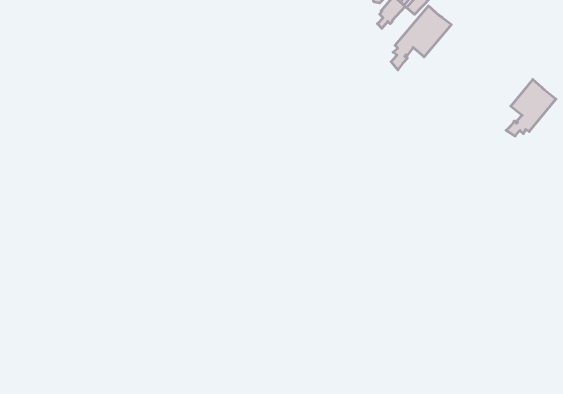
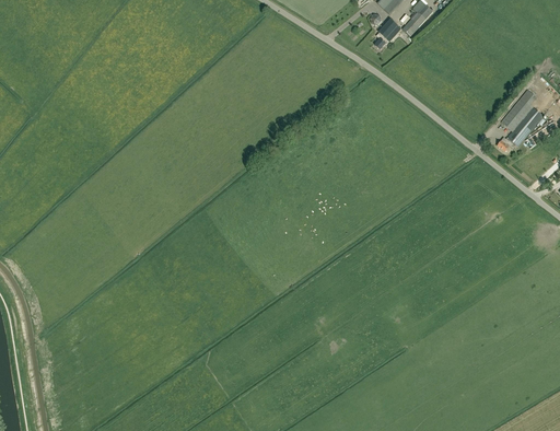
building: [391,6,451,70] -> none

